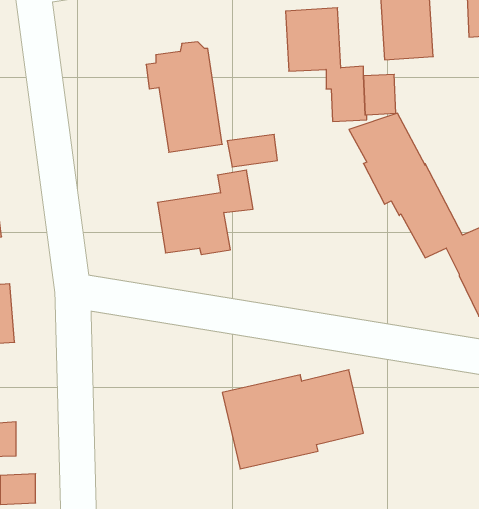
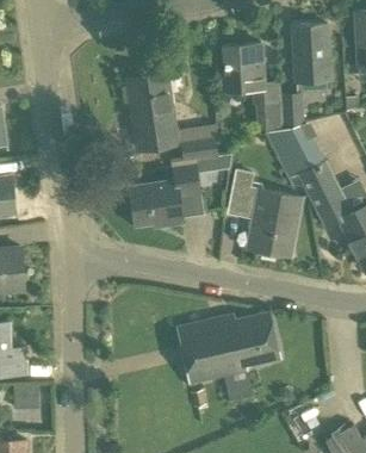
building: none -> [229,169,302,257]

